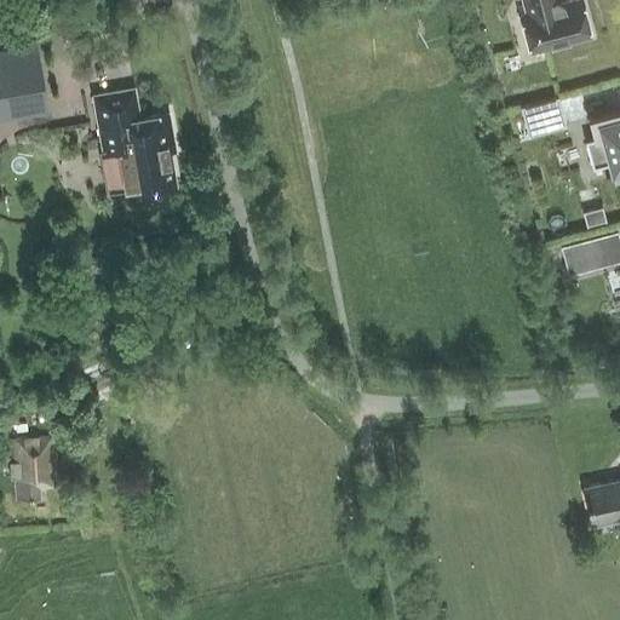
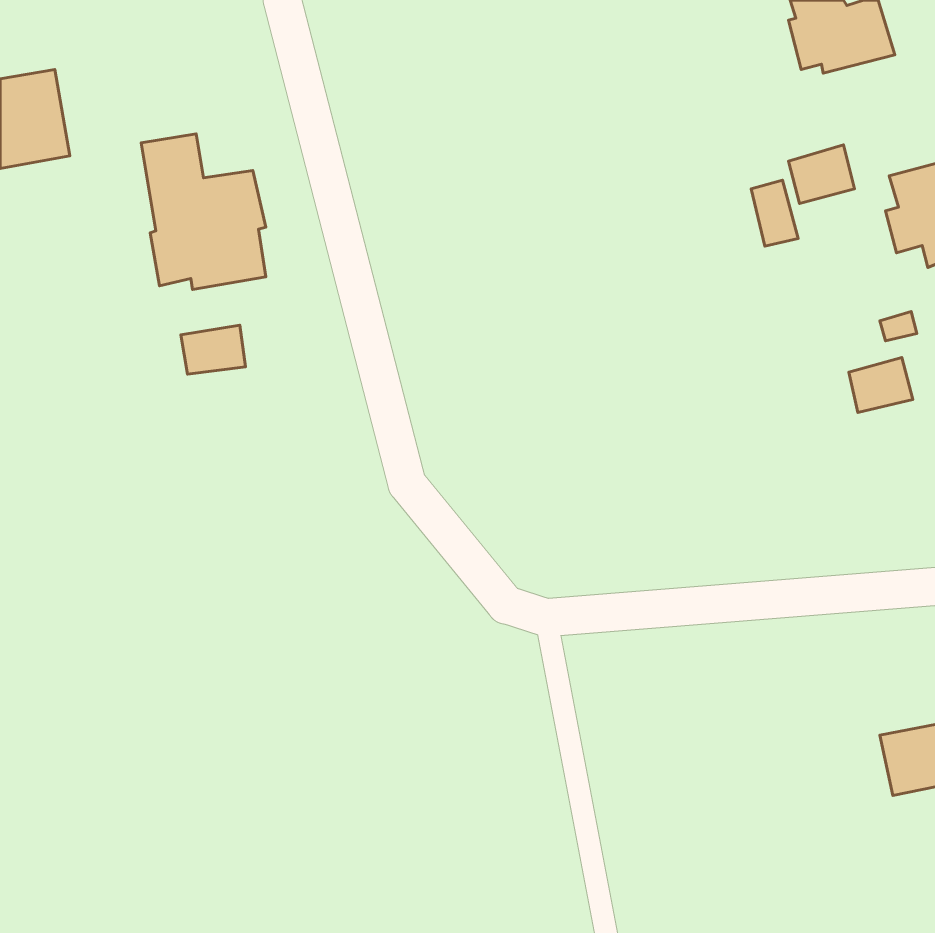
building: none -> [751,180,798,246]
building: none -> [181,325,245,374]
building: [17,438,58,500] -> none

